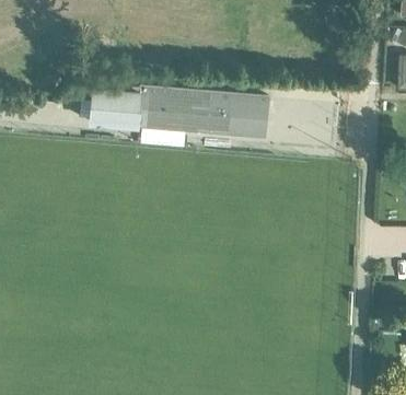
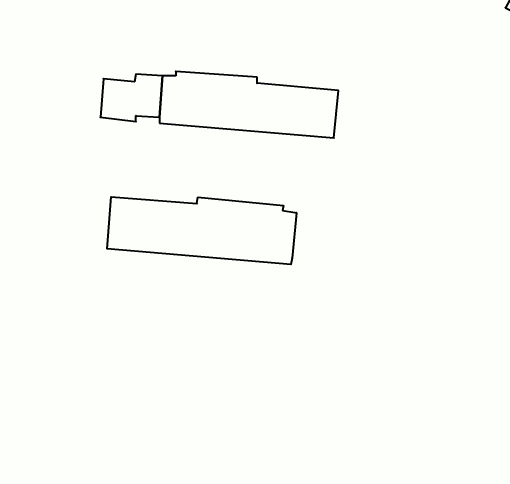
building: none -> [107,197,296,264]

